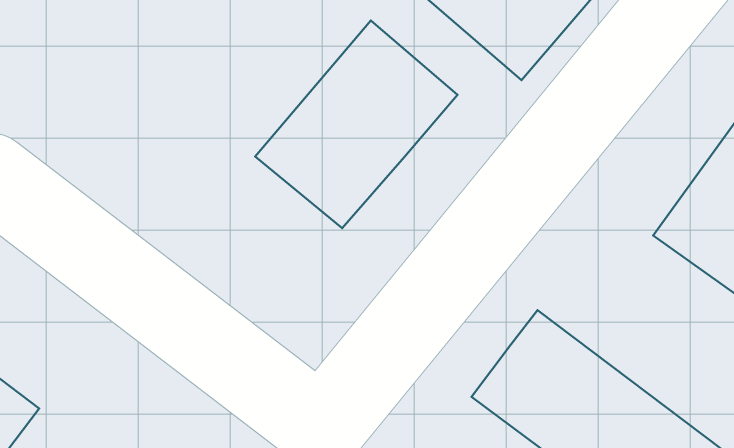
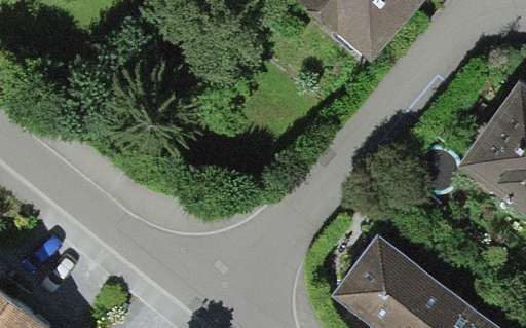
building: [255,21,458,228] -> none

